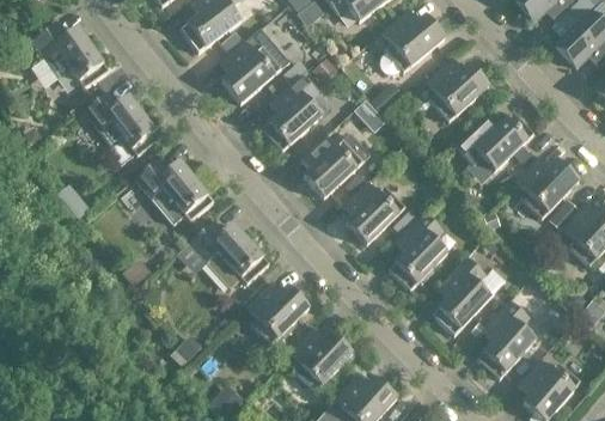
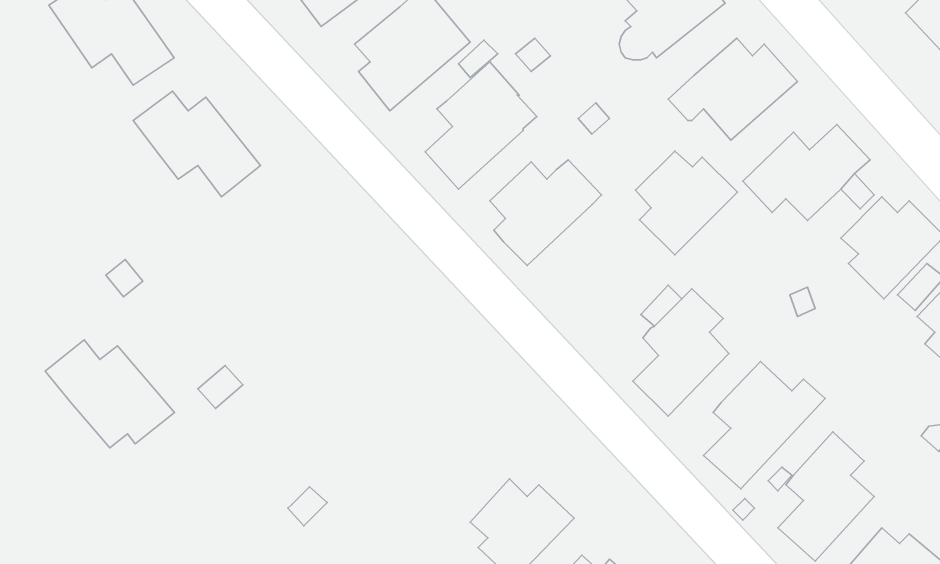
building: [135,158,214,224] -> [45,340,174,448]
building: [343,182,405,245] -> [636,151,738,255]
building: [190,222,269,287] -> none
building: [246,282,310,344] -> none

